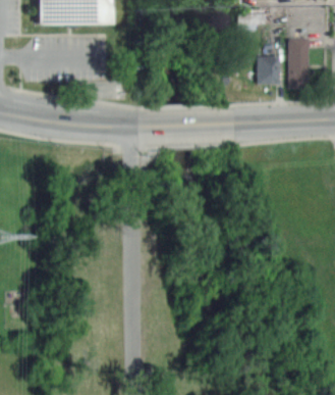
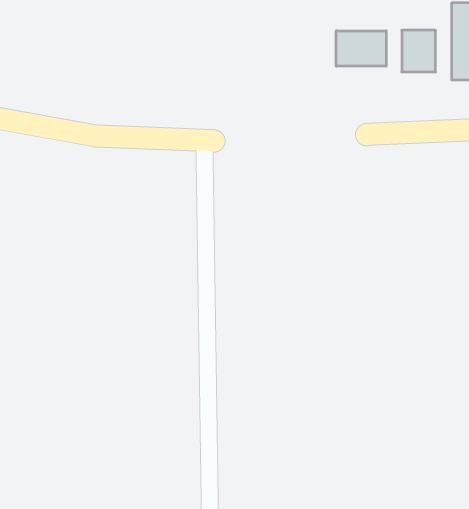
building: none -> [336,31,386,66]

